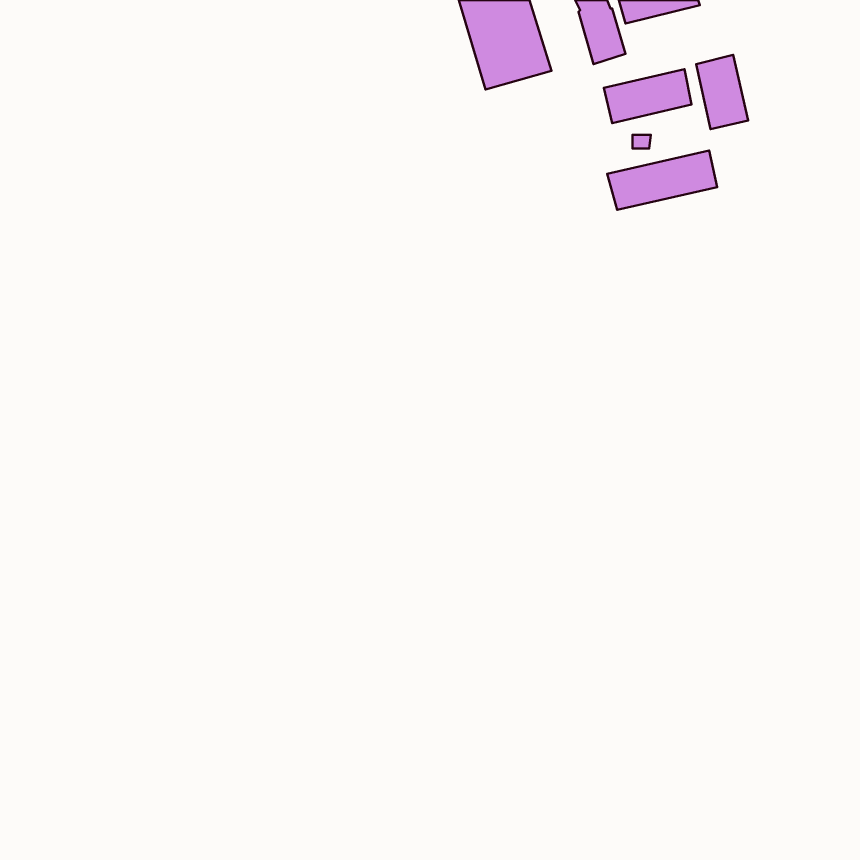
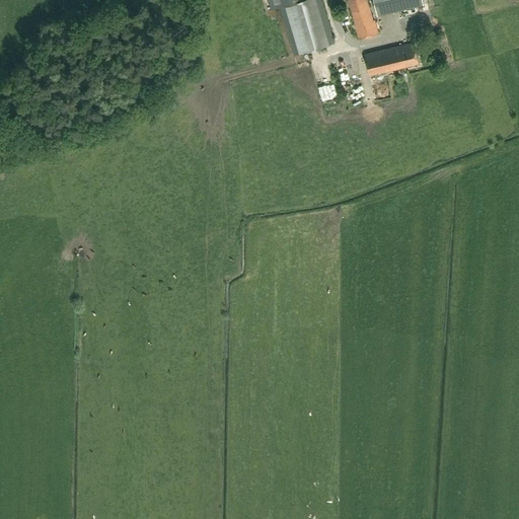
building: [696,55,748,129] -> none
building: [607,150,717,210] -> none

